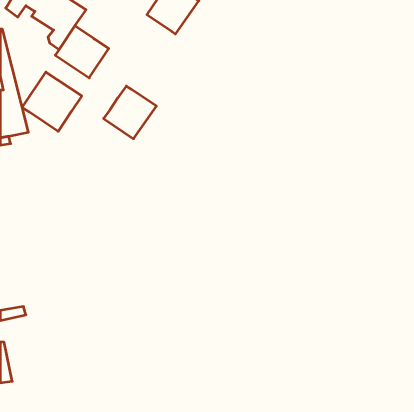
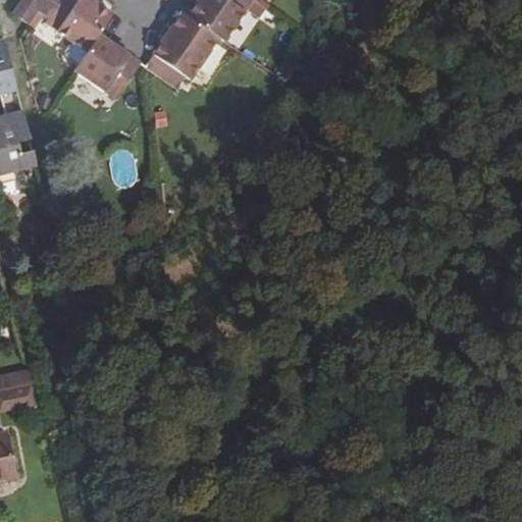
building: [22,72,82,131] -> none
building: [104,86,156,139] -> [151,14,217,81]

